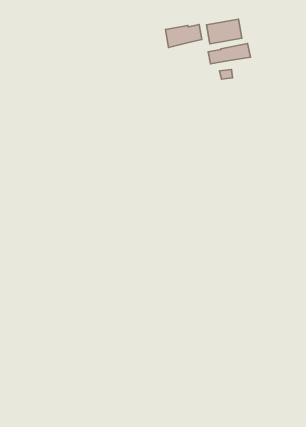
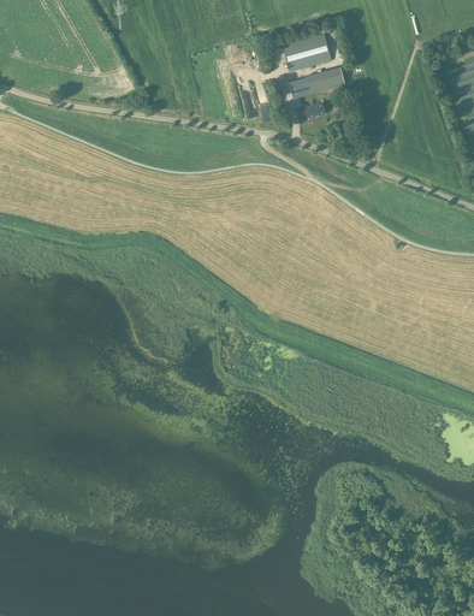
building: [165,24,202,47] -> none

